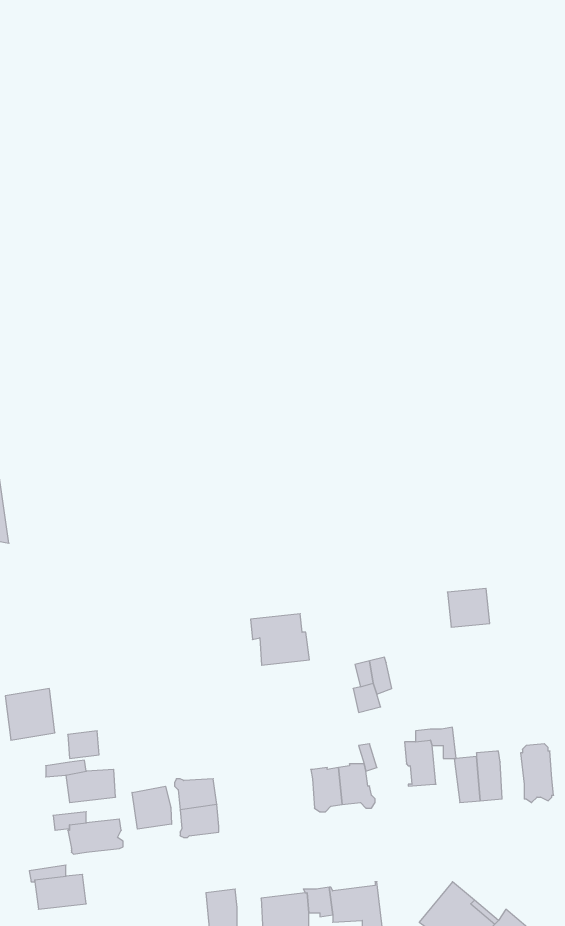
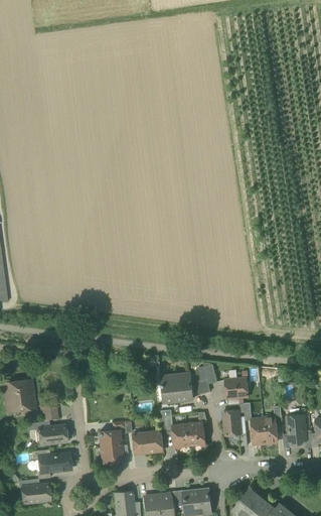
building: [447,588,490,627] -> [225,378,249,399]
building: [251,614,309,665] -> [161,374,193,402]
building: none -> [133,431,164,455]
building: [132,786,172,829] -> none

